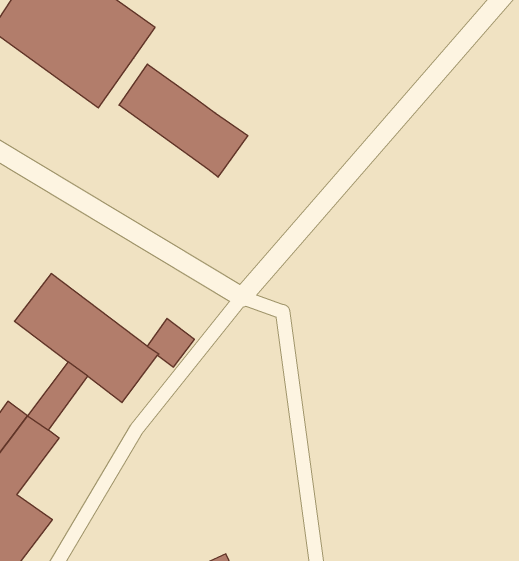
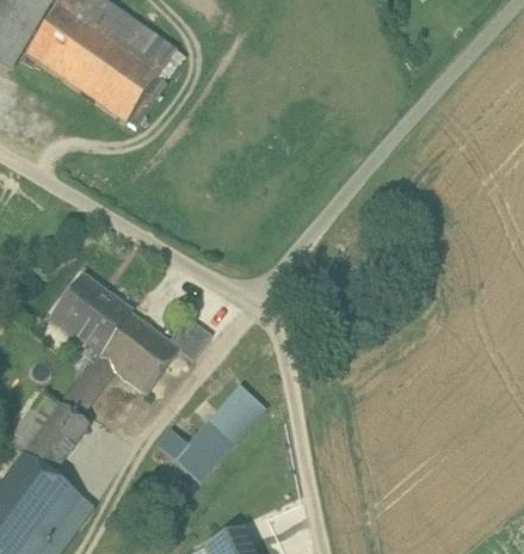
building: [119,64,248,177] -> none
building: none -> [156,384,266,481]

